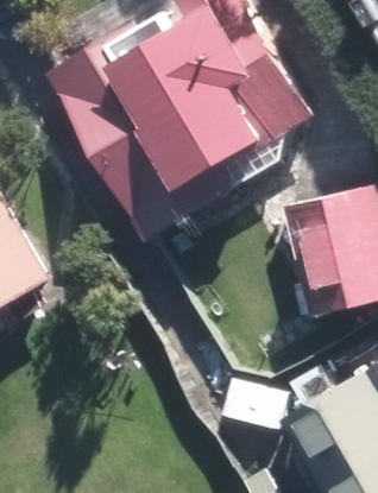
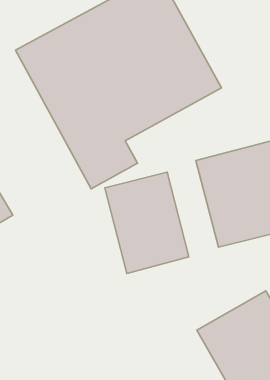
building: none -> [105,172,189,274]

